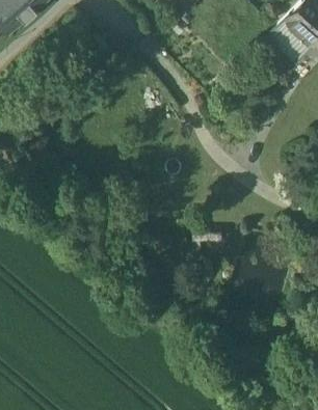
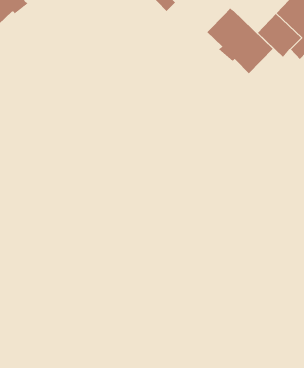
building: none -> [206,8,274,74]

